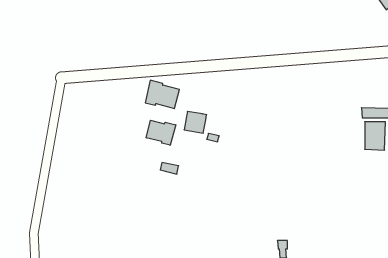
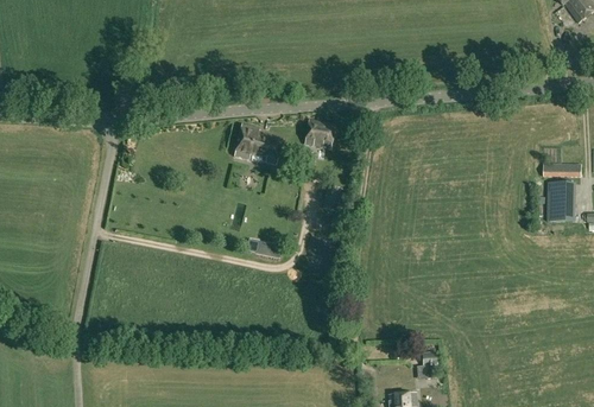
building: [184,111,207,133] -> [303,117,335,148]
building: [146,120,176,145] -> none

